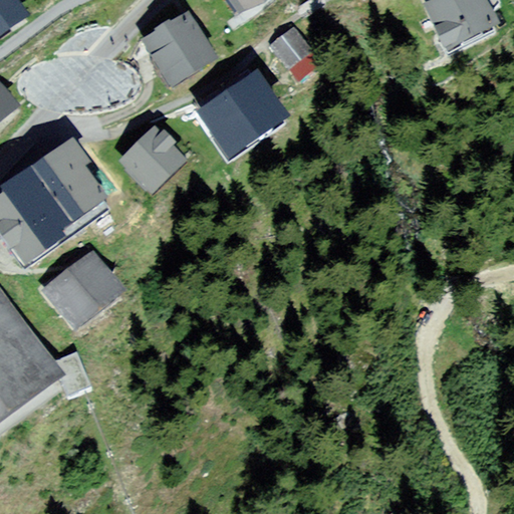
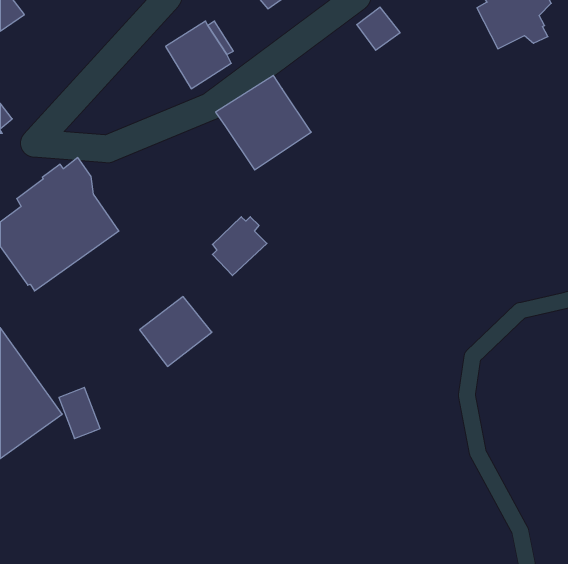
building: [272,27,311,66] -> [357,7,400,50]
building: [128,135,178,188] -> [212,217,267,276]
building: [51,259,116,322] -> [140,297,212,366]

